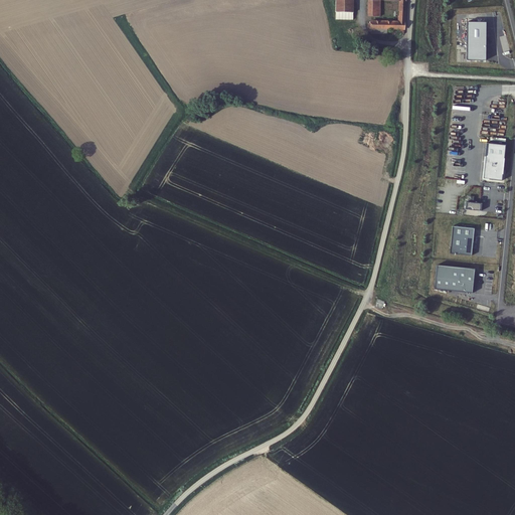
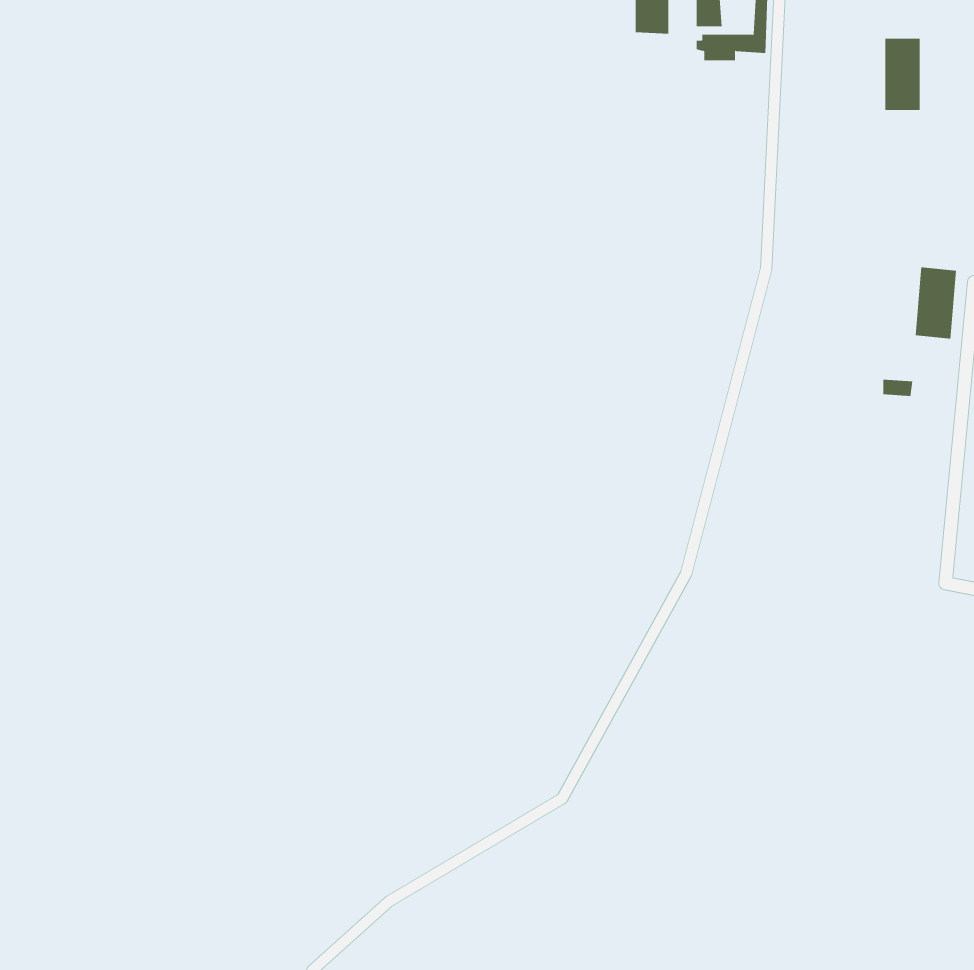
building: [450,224,475,253] -> none
building: [435,264,475,291] -> none

